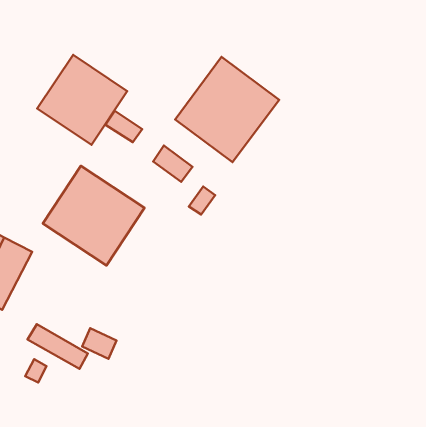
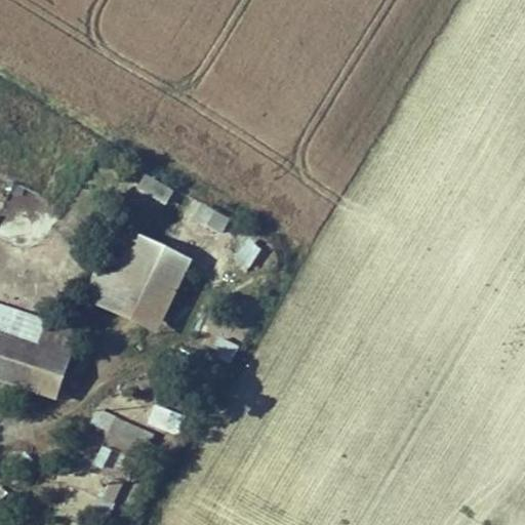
building: [37,55,127,145] -> none
building: [175,57,279,162] -> none

